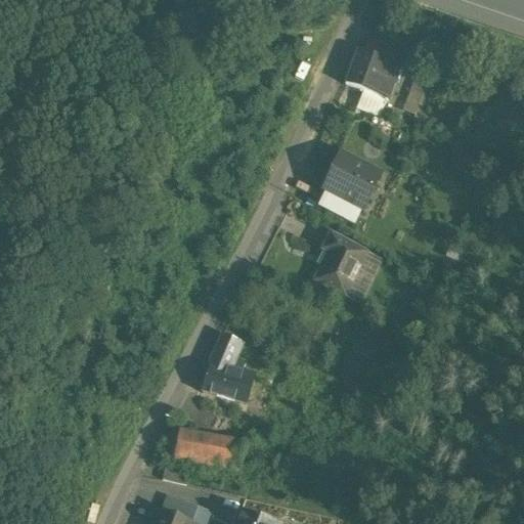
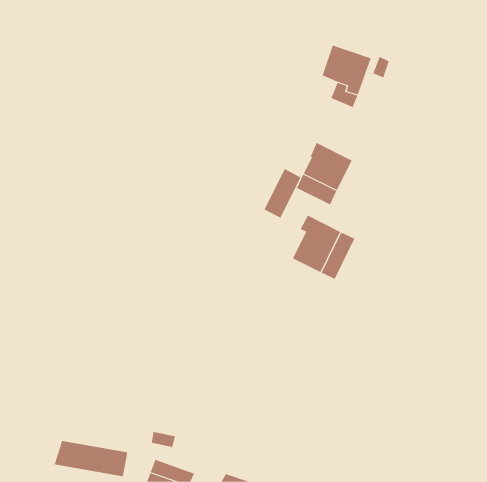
building: none -> [264,168,301,219]
building: [202,330,255,399] -> none
building: [164,426,244,465] -> [54,441,128,477]

